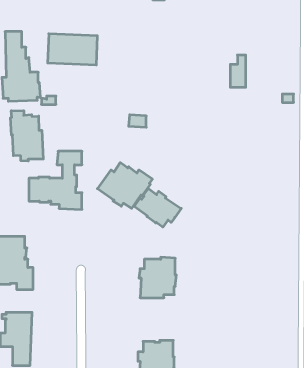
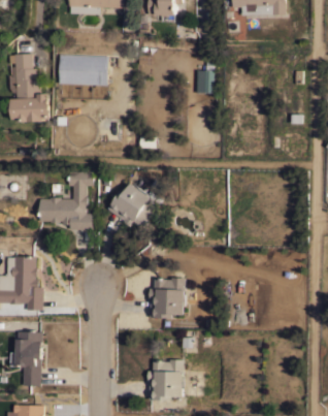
building: [230,55,246,87] -> [197,61,212,93]
building: [11,111,43,161] -> none
building: [134,189,181,227] -> none

